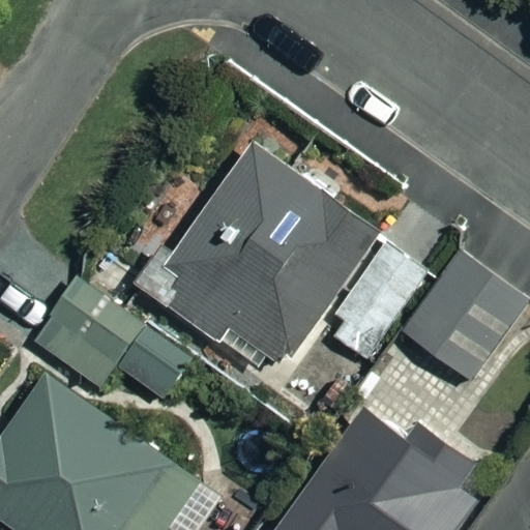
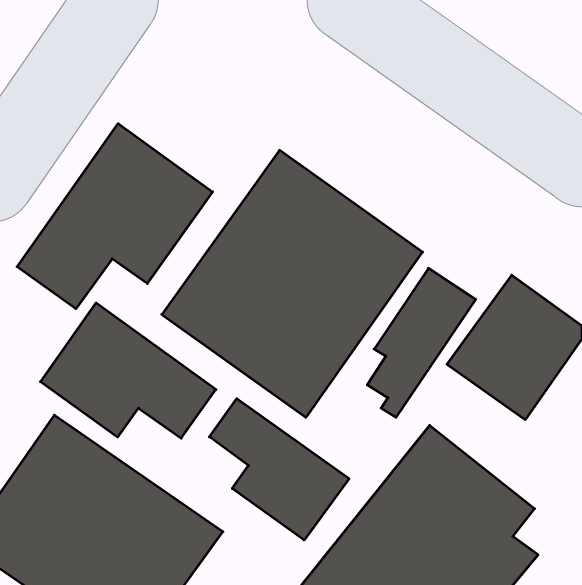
building: none -> [17,124,213,309]
building: none -> [209,399,349,540]

